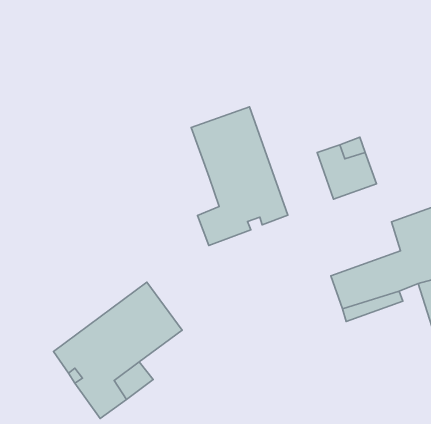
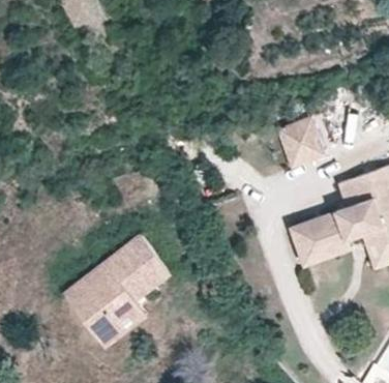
building: [191,107,288,246] -> none

